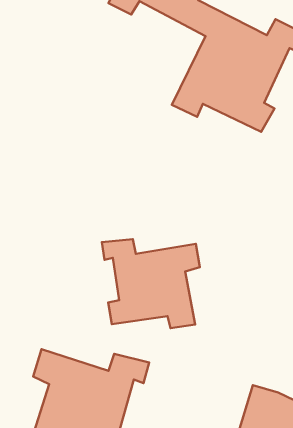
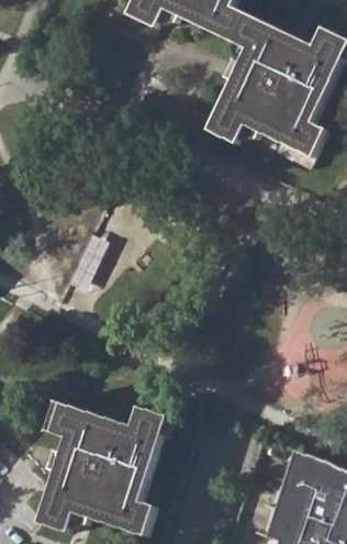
building: [102,239,200,328] -> none

